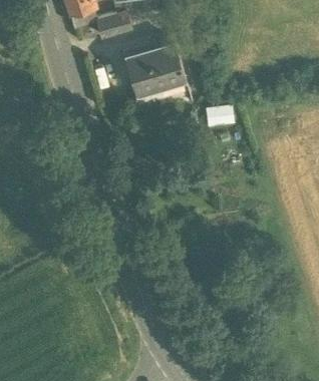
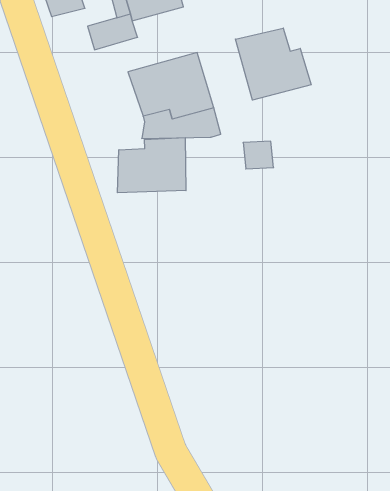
building: none -> [235,28,311,100]
building: none -> [118,138,186,193]

